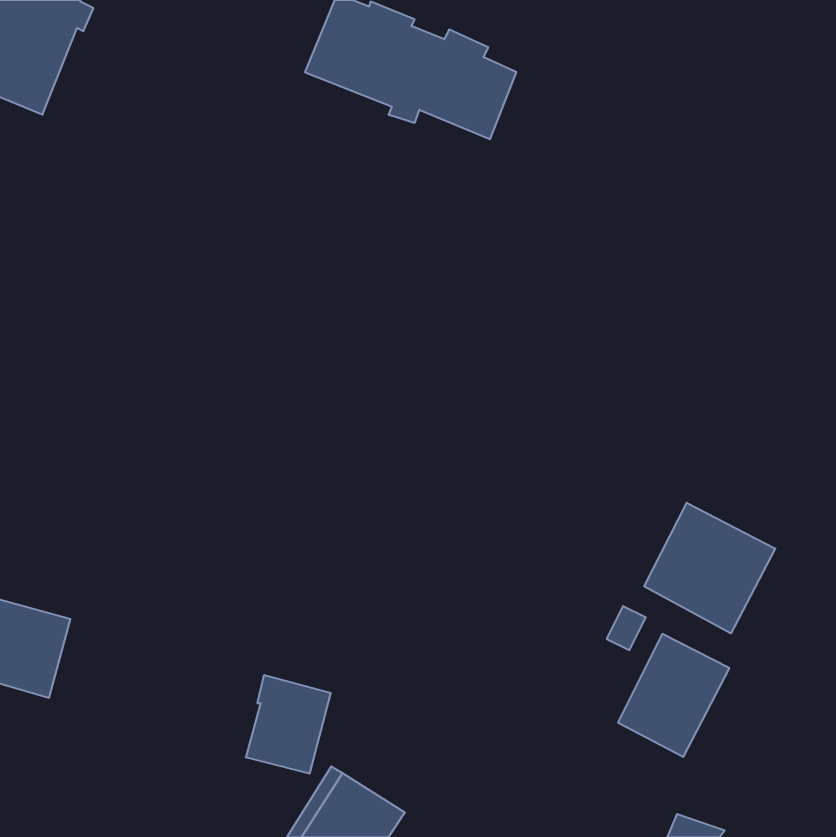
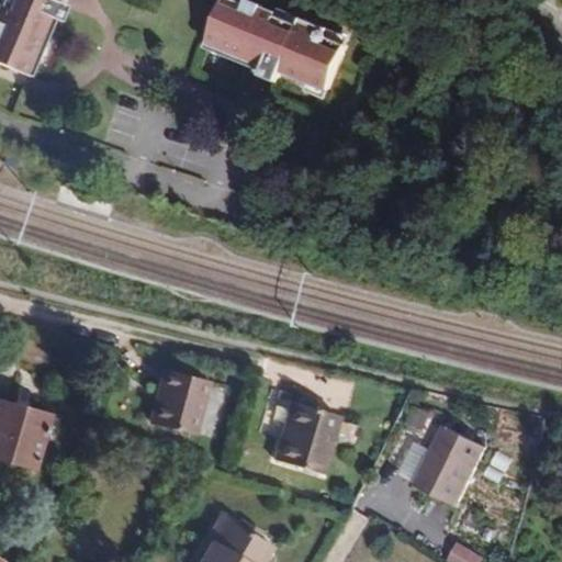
building: [644,503,775,633] -> none
building: none -> [274,403,338,472]
building: [246,675,331,774] -> [151,369,209,435]

